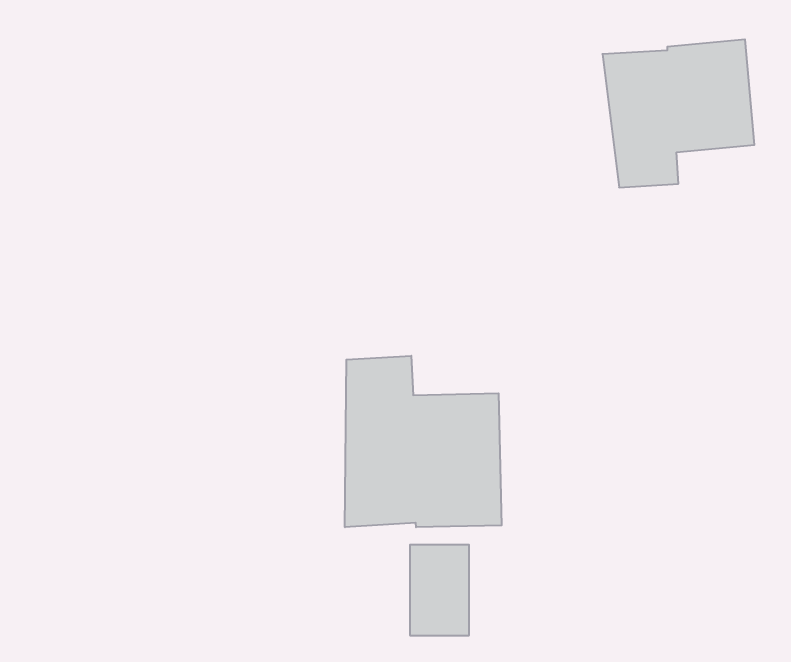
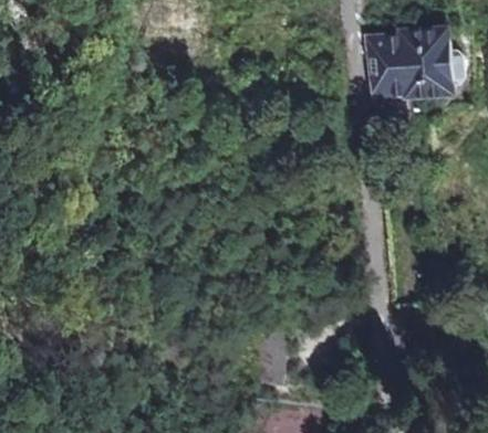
building: [345,356,502,527] -> none

